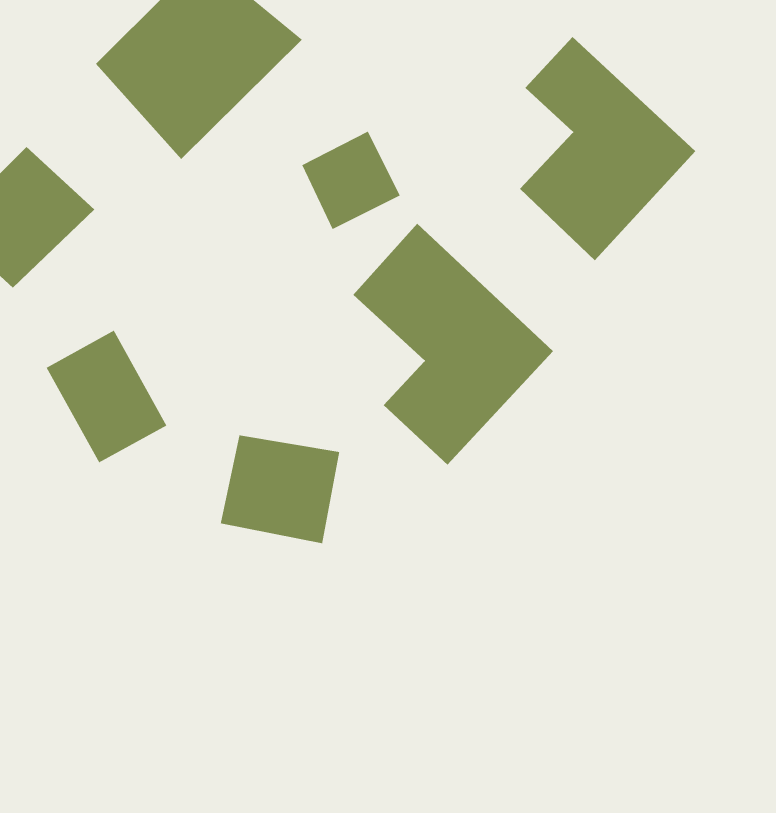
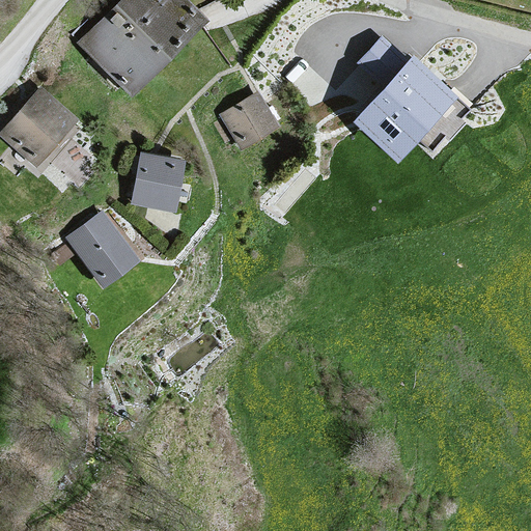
building: [353,223,554,465] -> none
building: [220,434,340,544] -> [133,151,205,218]

